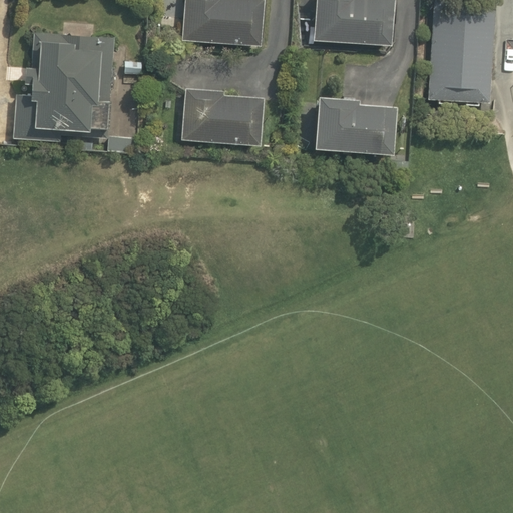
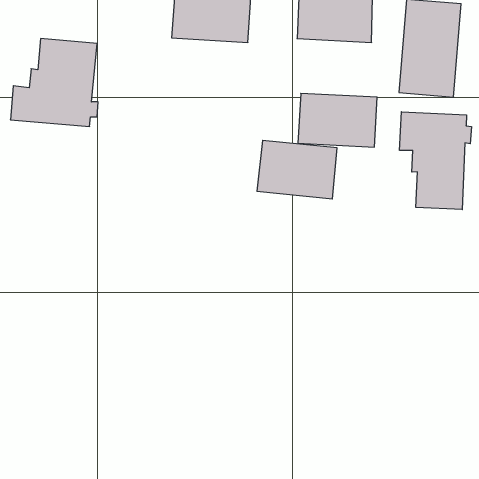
building: [180,87,266,149] -> [257,140,337,199]
building: none -> [400,112,471,210]

